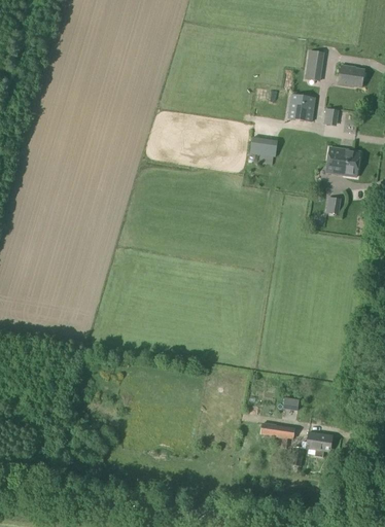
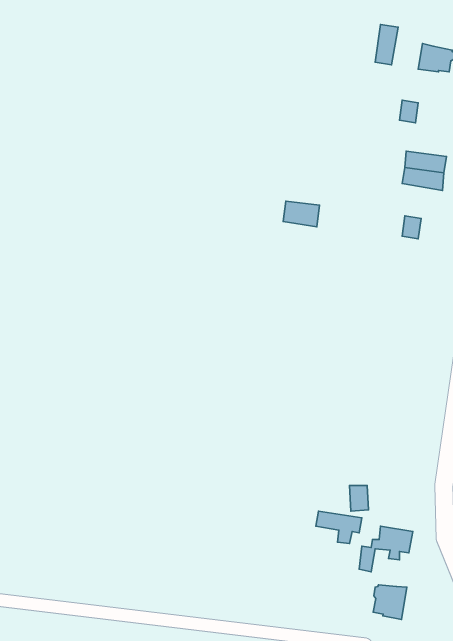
building: [287,94,315,120] -> none
building: [249,137,277,156] -> [283,201,320,227]
building: none -> [373,585,407,620]

